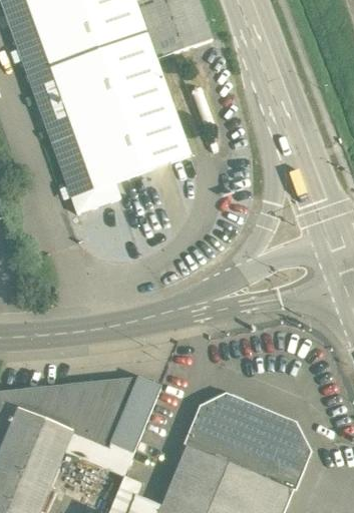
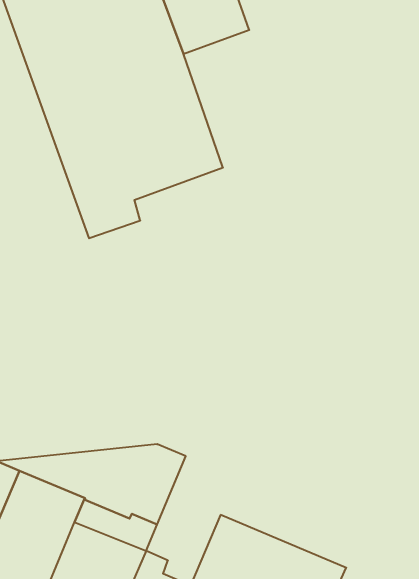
building: [188,393,309,487] -> none

